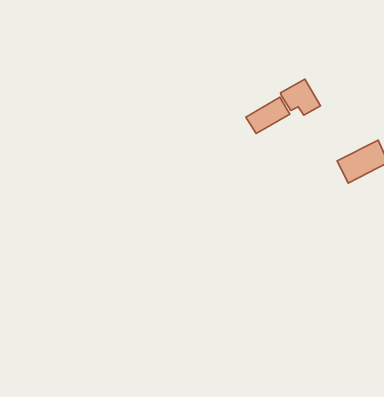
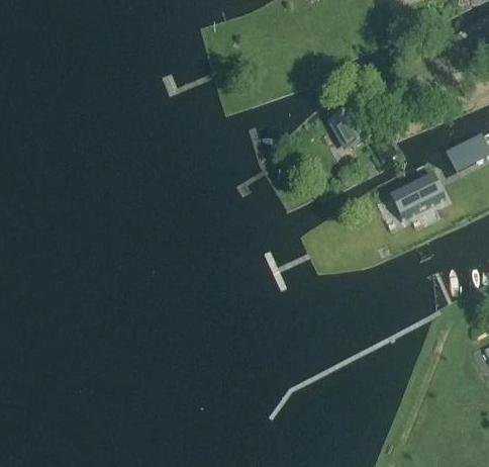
building: [246,97,290,133] -> none

